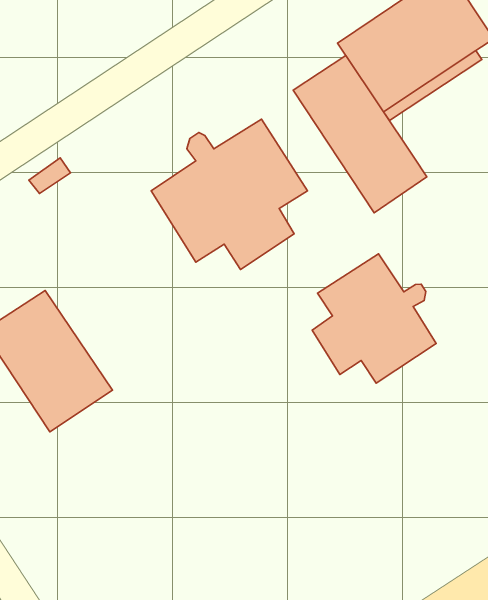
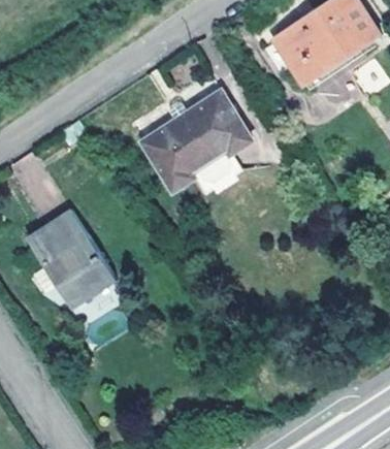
building: [293,56,427,213] -> none
building: [312,254,436,383] -> none

